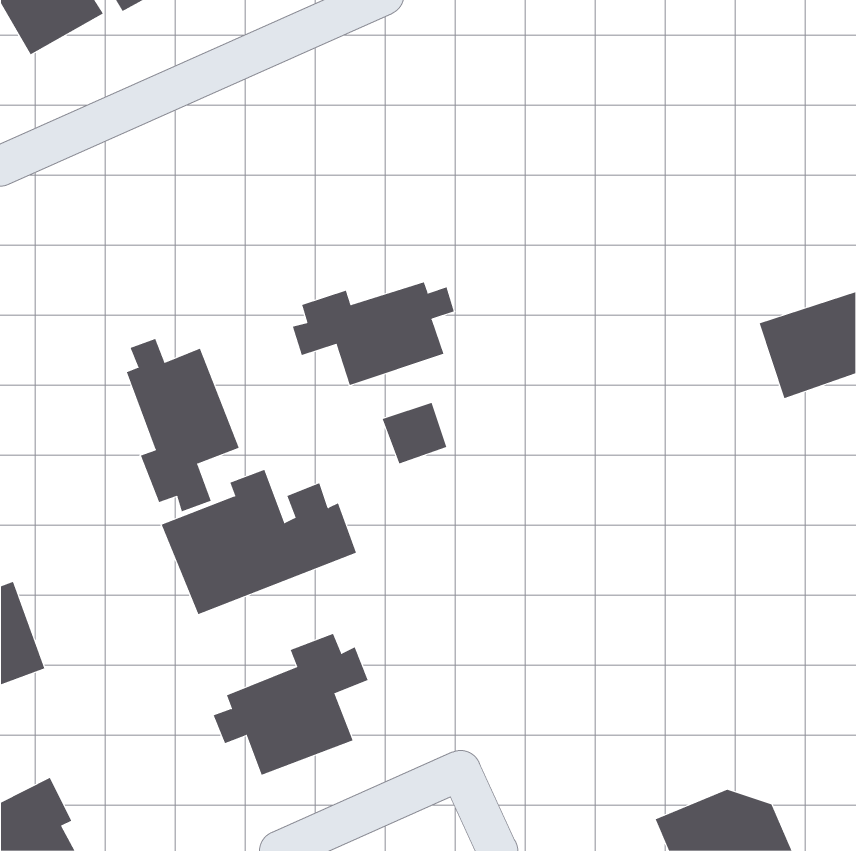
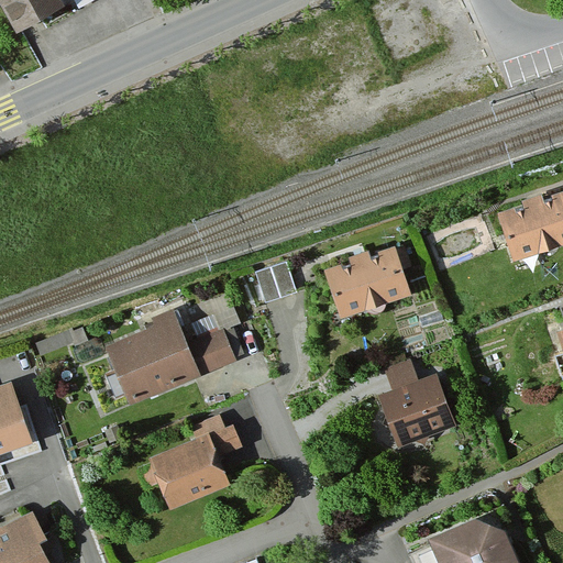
building: [292,281,454,386] -> none
building: [126,338,239,512] -> none
building: none -> [327,246,409,311]
building: none -> [378,361,456,450]

